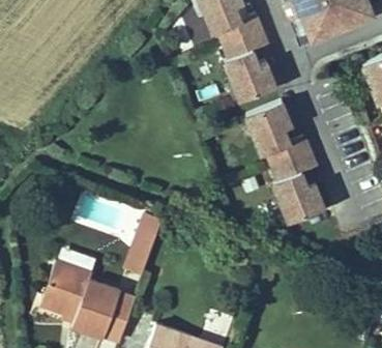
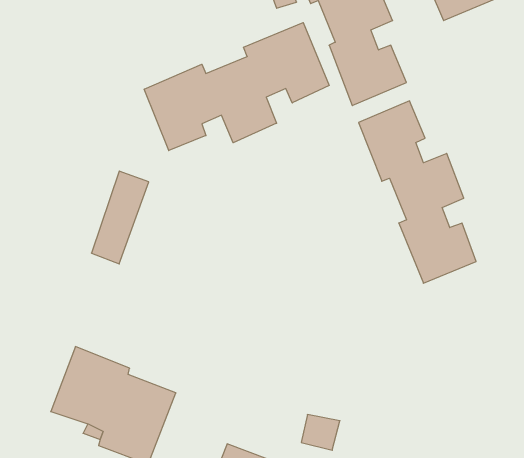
building: none -> [144,23,329,151]
building: [123,213,161,276] -> [91,171,149,264]

